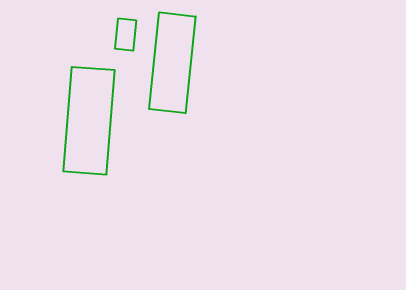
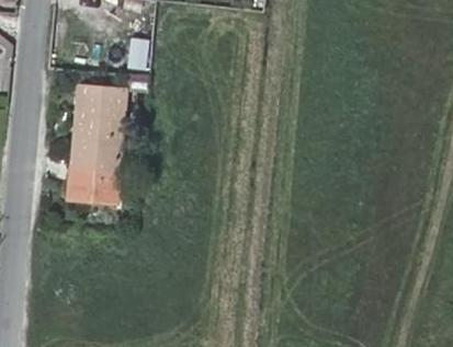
building: [149,12,196,113] -> none

